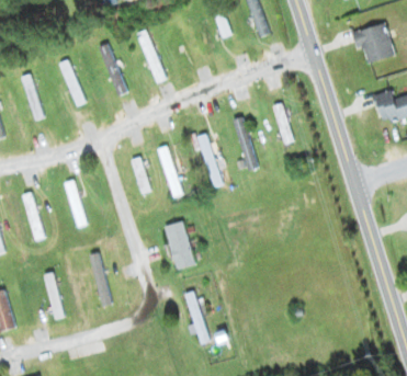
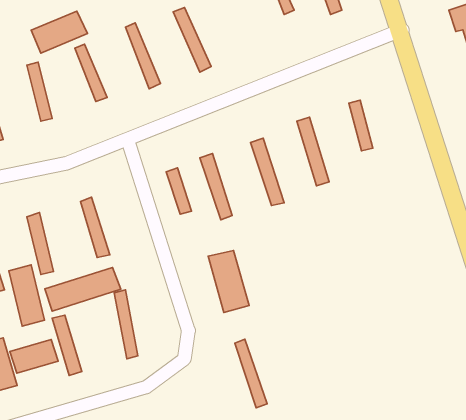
building: none -> [31,11,87,53]
building: none -> [9,265,44,326]
building: none -> [45,268,121,311]
building: none -> [10,339,58,373]

